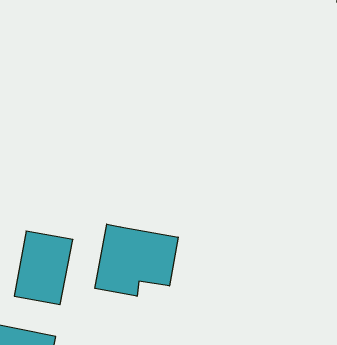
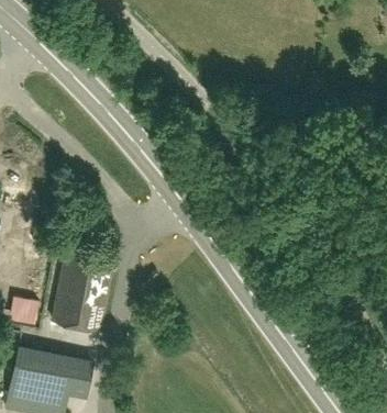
building: [95,224,178,296] -> none

